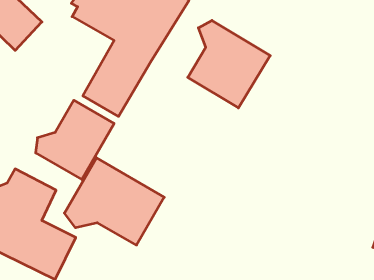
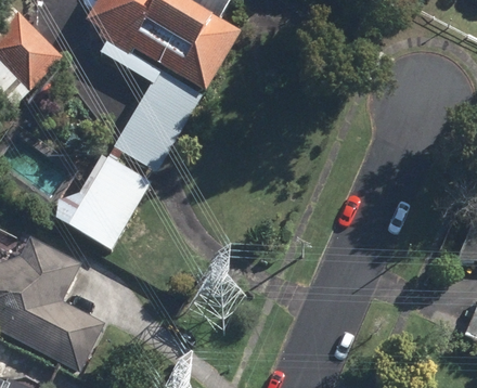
building: [188,20,270,108] -> none
building: [64,158,164,245] -> none

